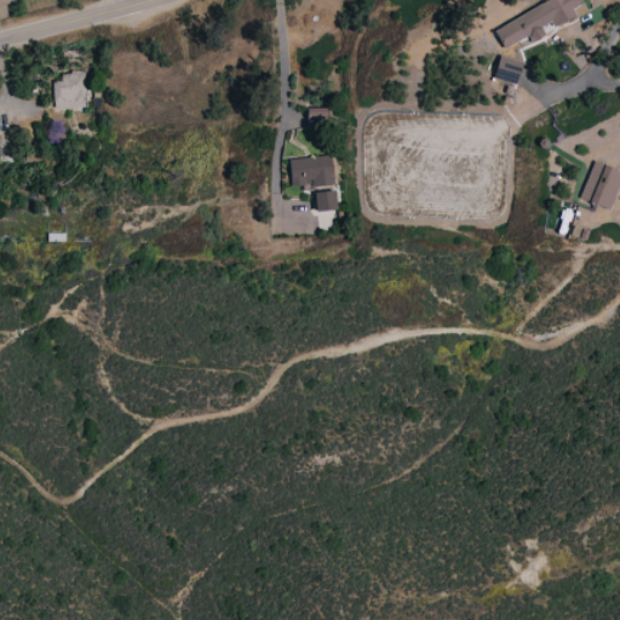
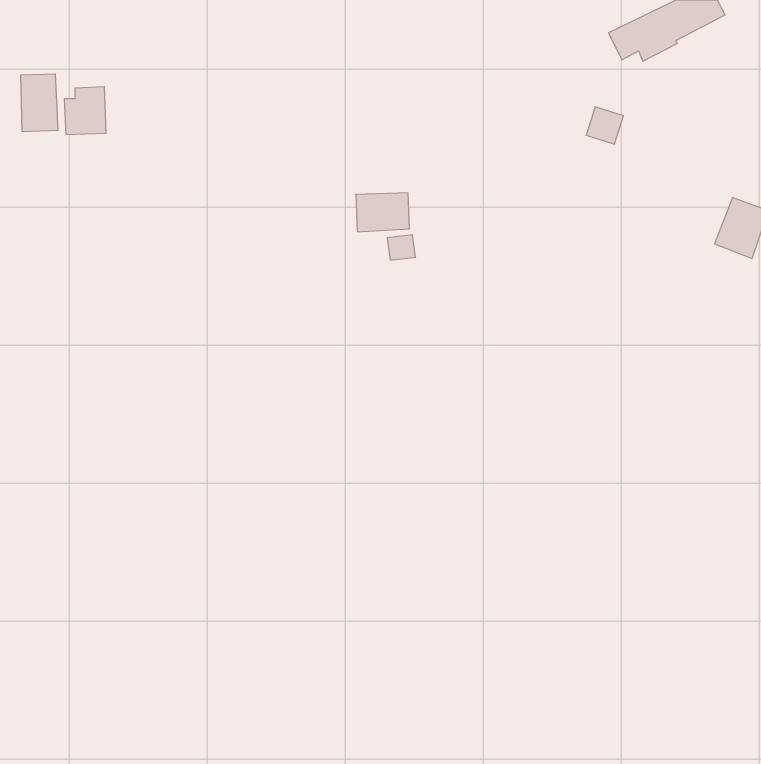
building: [495,54,526,85] -> [586,107,623,144]
building: none -> [21,74,58,132]

